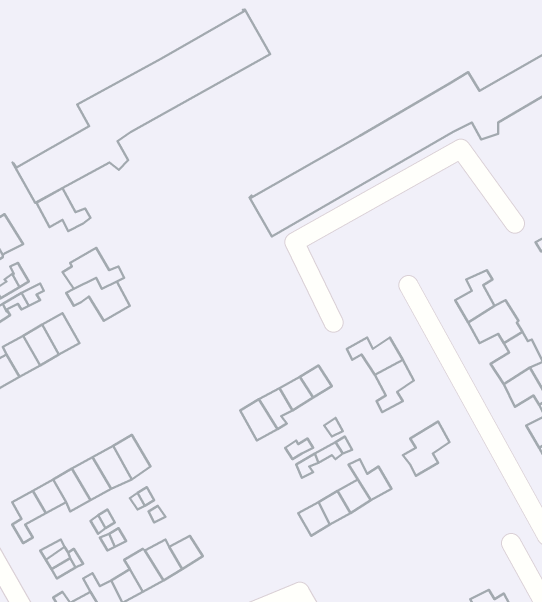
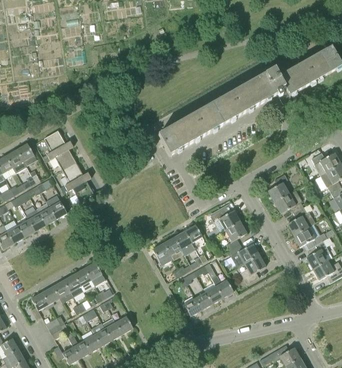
building: [12,10,270,203] -> none
building: none -> [42,146,76,169]
building: none -> [229,242,259,266]

